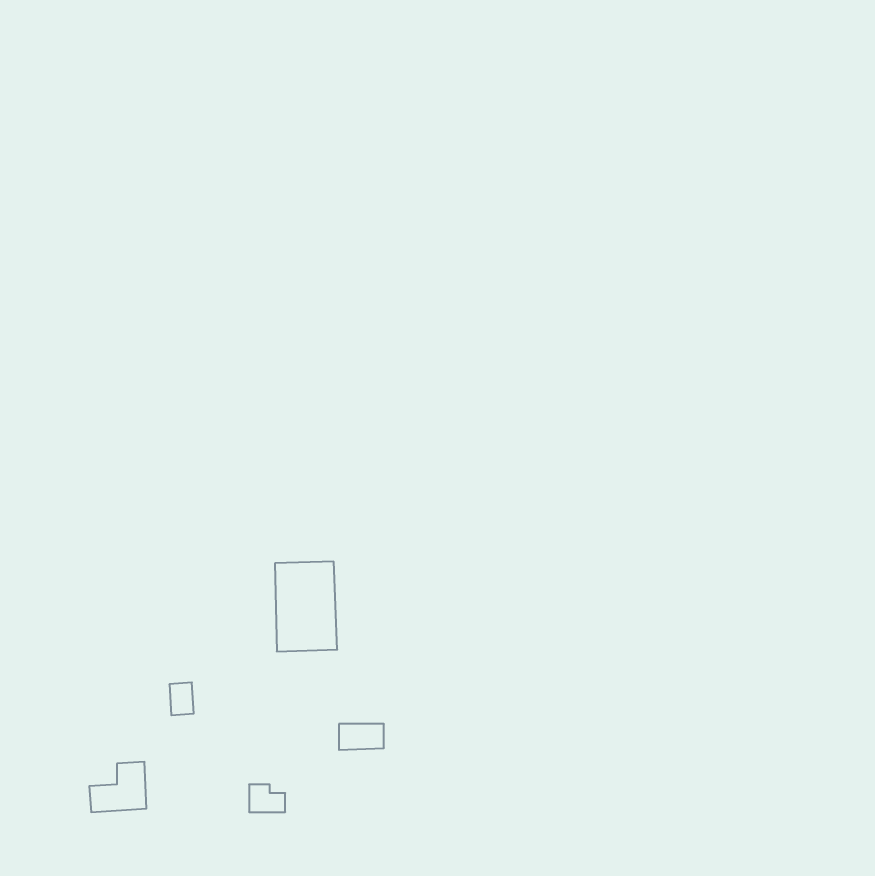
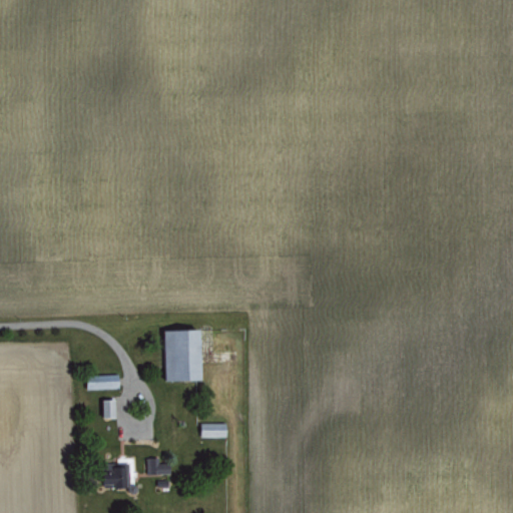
building: none -> [87,376,120,391]
building: [89,762,146,812] -> [102,461,135,490]

